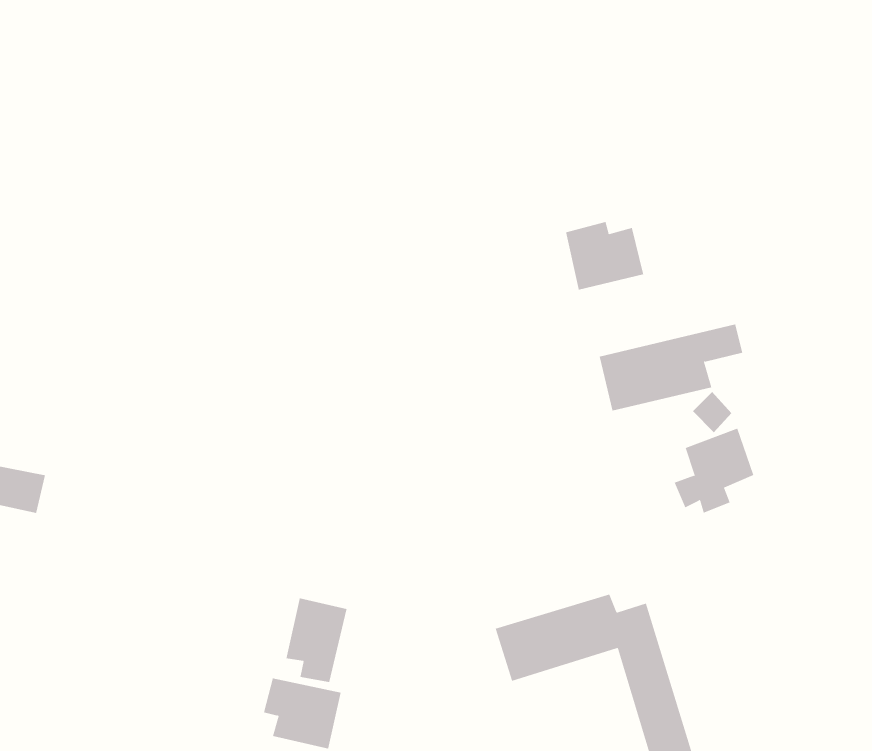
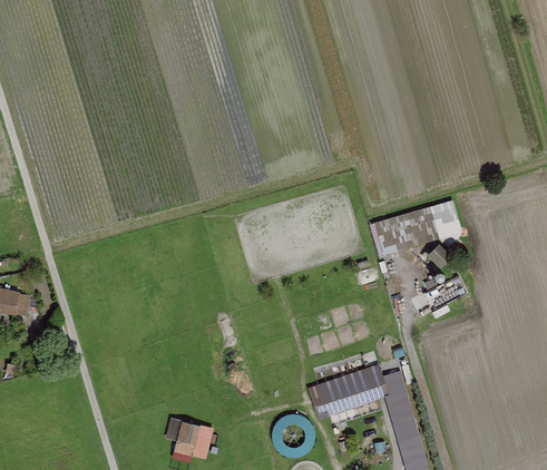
building: [566,221,644,290] -> none
building: [286,598,347,683] -> none

